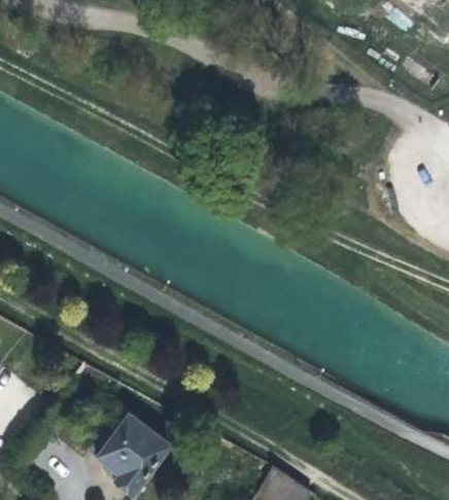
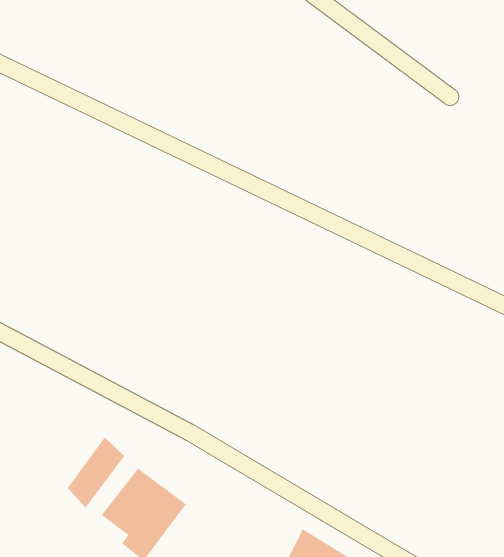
building: none -> [67,437,125,509]

